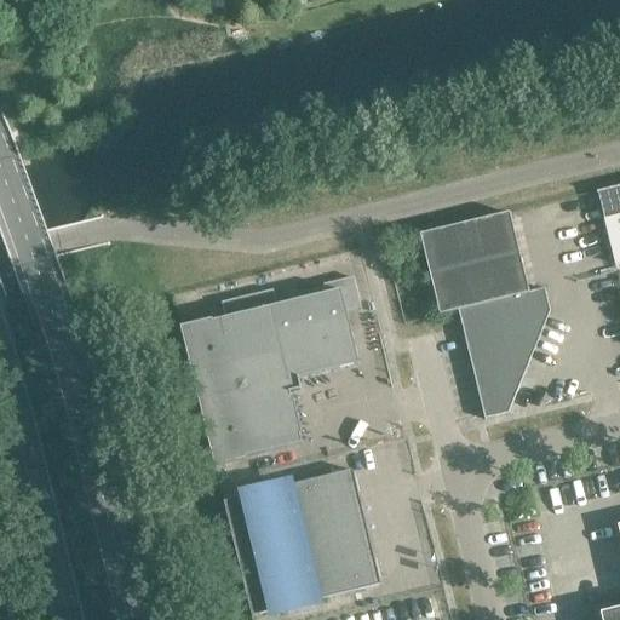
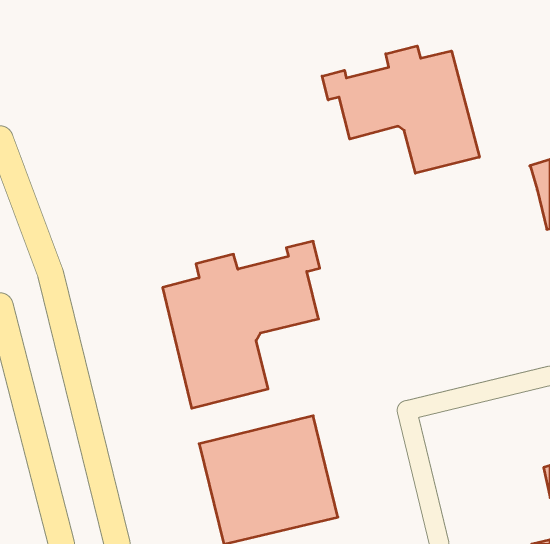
building: none -> [322,46,479,173]
building: [419,213,549,419] -> none

